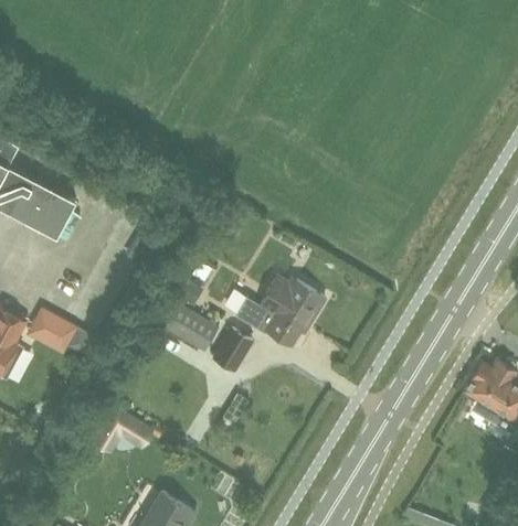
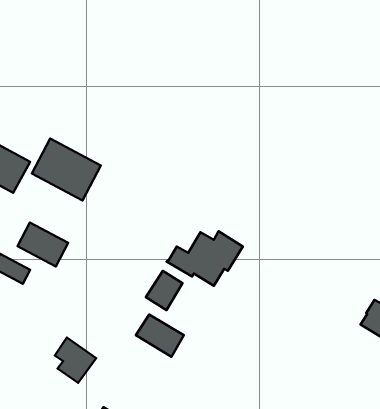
building: none -> [32,139,101,201]
building: none -> [18,223,68,267]
building: [161,304,218,354] -> [136,314,184,357]

